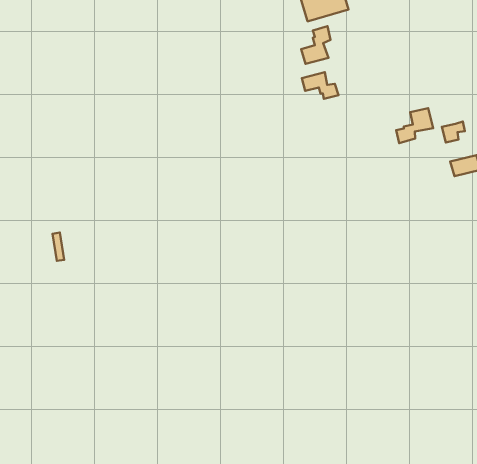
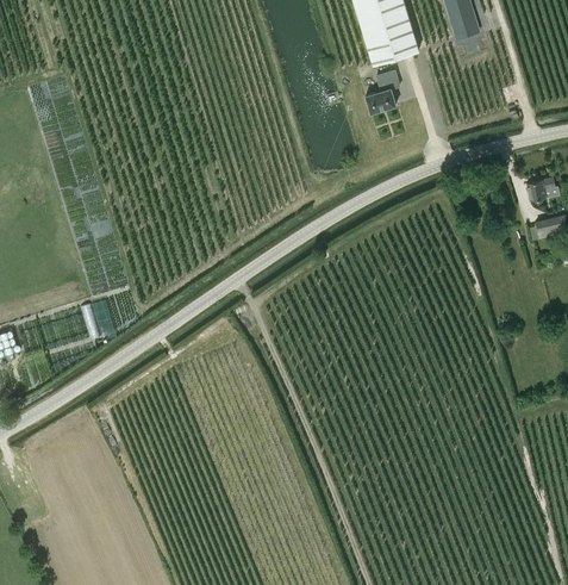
building: [302,72,338,99] -> none
building: [396,108,433,143] -> none

